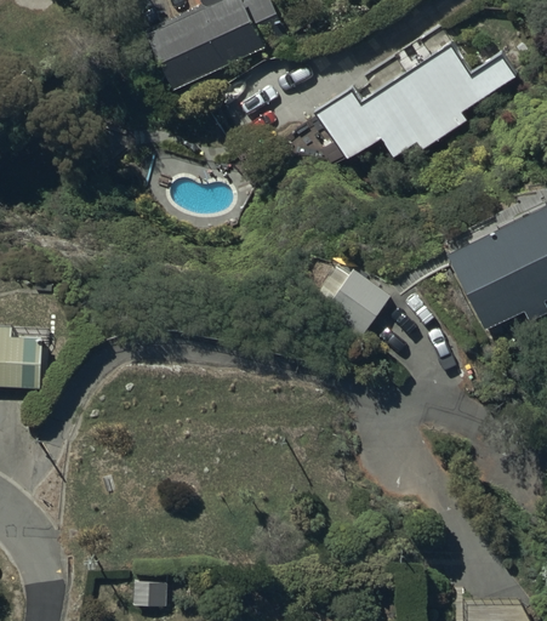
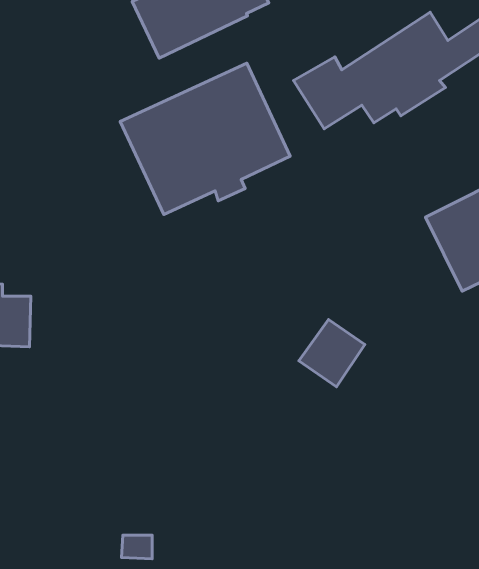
building: none -> [120,63,290,214]
building: [323,270,391,340] -> [299,320,365,387]

